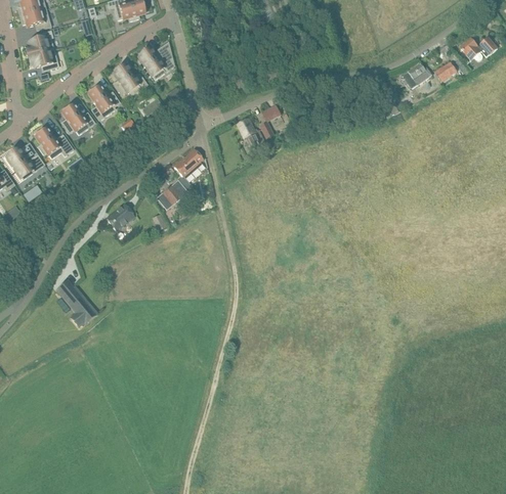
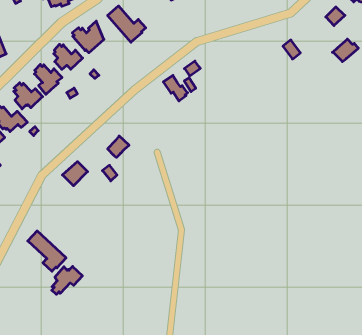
building: none -> [108,6,146,42]
building: [400,60,431,86] -> [332,39,358,62]
building: [173,147,205,181] -> none
building: none -> [52,266,82,294]

